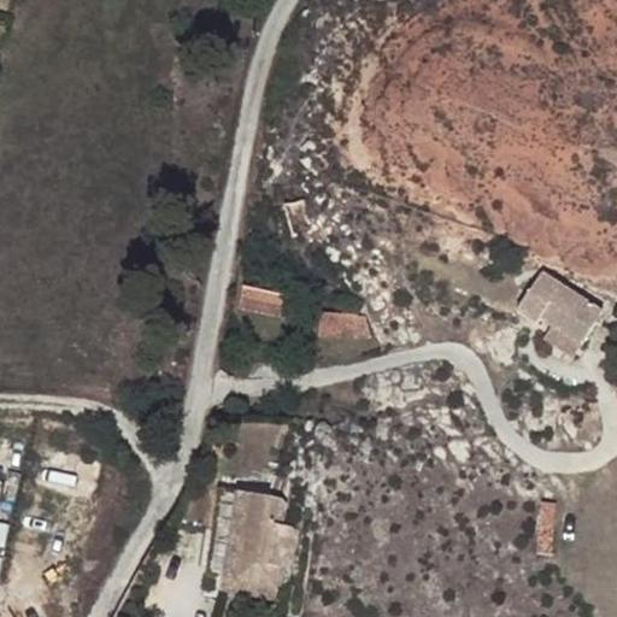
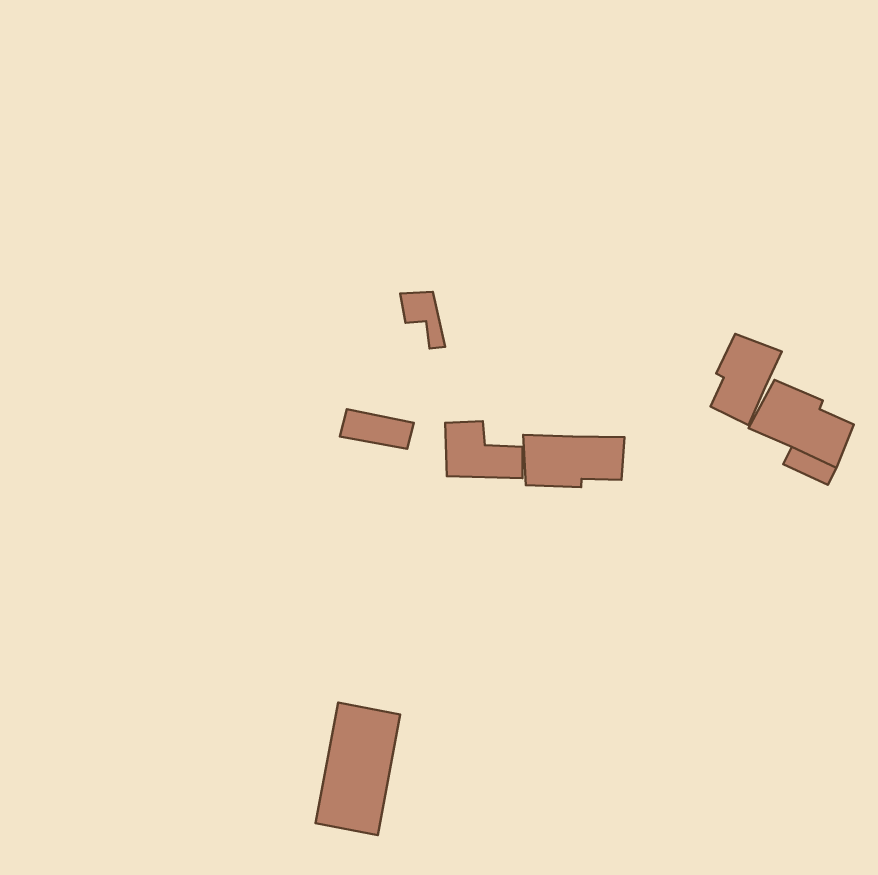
building: none -> [711,334,782,425]
building: none -> [523,435,624,487]

